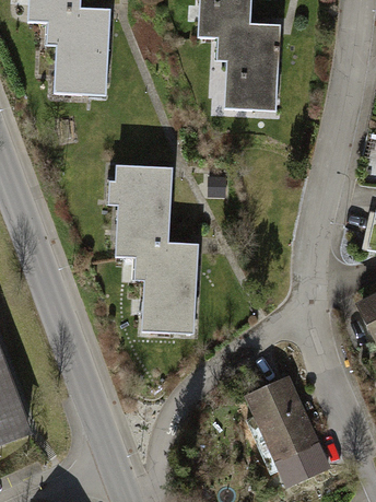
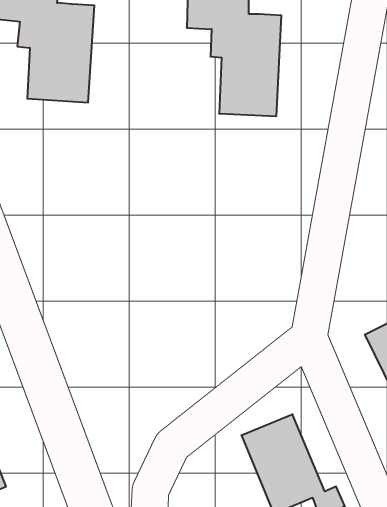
building: [107,165,197,331] -> none

